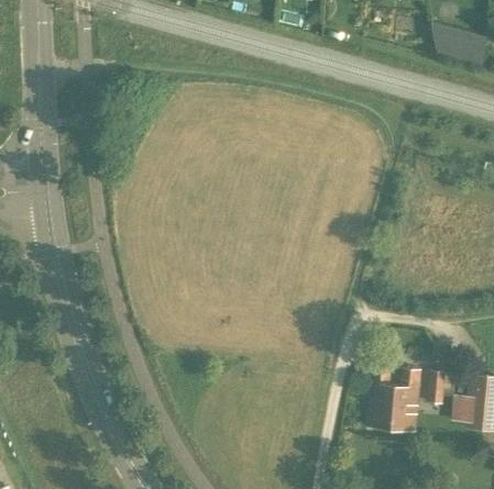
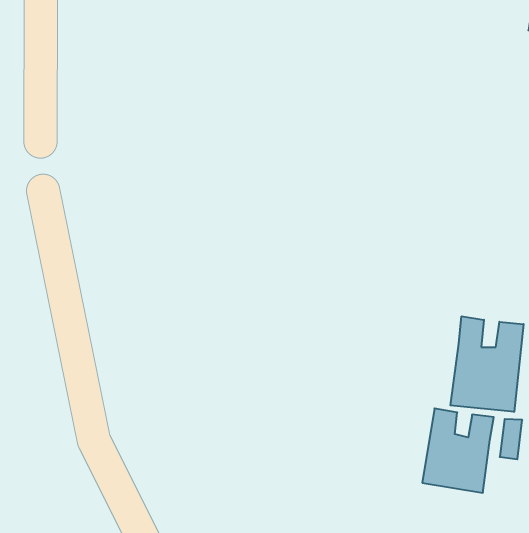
building: none -> [450,316,524,412]

